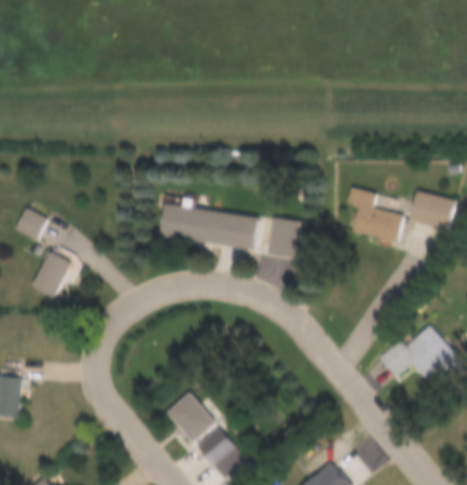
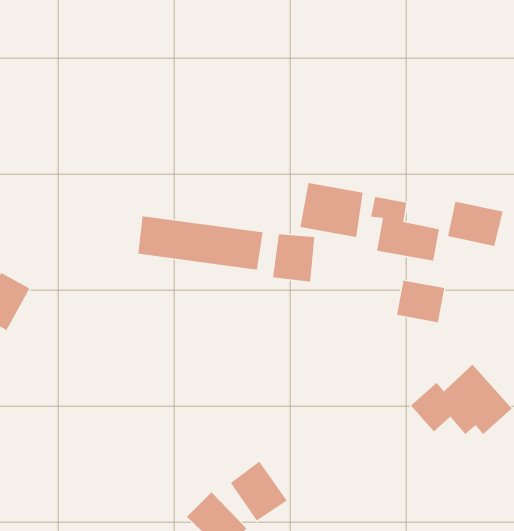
building: none -> [300,182,364,238]
building: none -> [396,280,445,323]
building: [167,391,214,440] -> [230,461,288,521]

